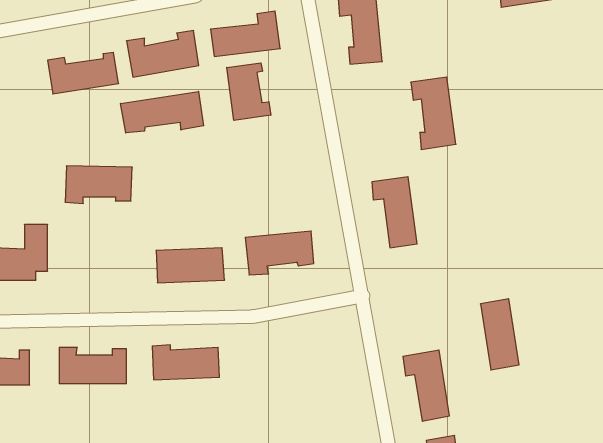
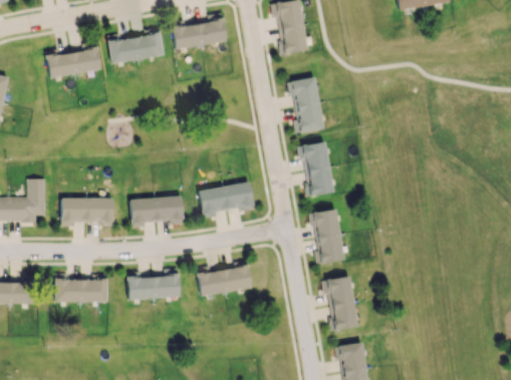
building: [227,63,271,120] -> none
building: [411,77,456,149] -> [288,77,323,133]
building: [121,91,204,133] -> none
building: [65,166,132,203] -> [61,198,113,227]
building: [480,299,519,370] -> [314,209,344,264]
building: none -> [197,261,252,296]

